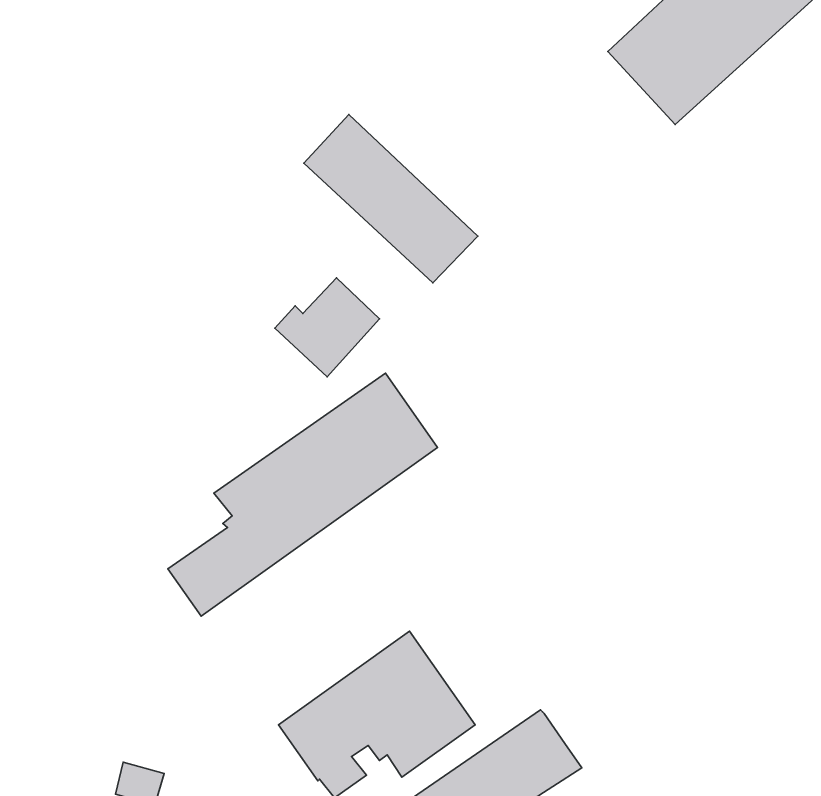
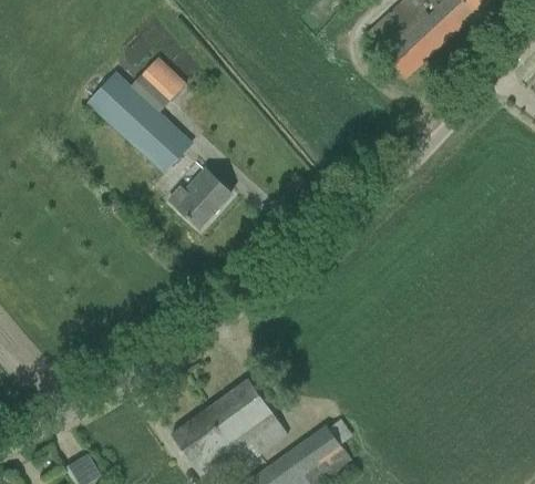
building: none -> [141,56,185,99]
building: [304,115,478,283] -> [88,72,191,172]
building: [168,373,437,616] -> none

